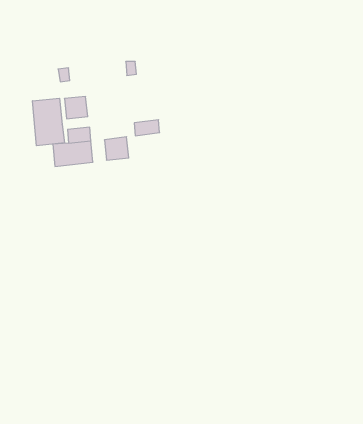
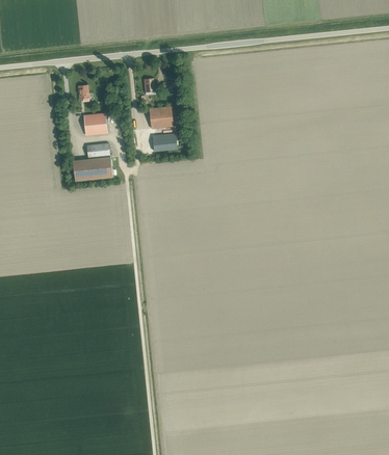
building: [33,98,64,146] -> none
building: [104,137,129,160] -> [149,106,173,129]

